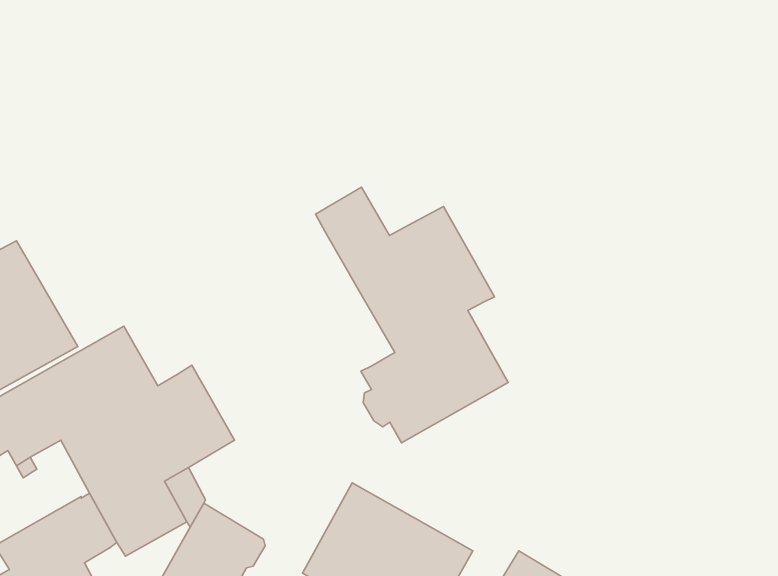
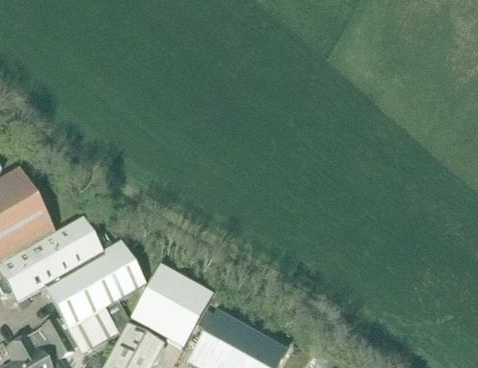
building: [316,187,508,443] -> none
building: none -> [131,264,213,345]

